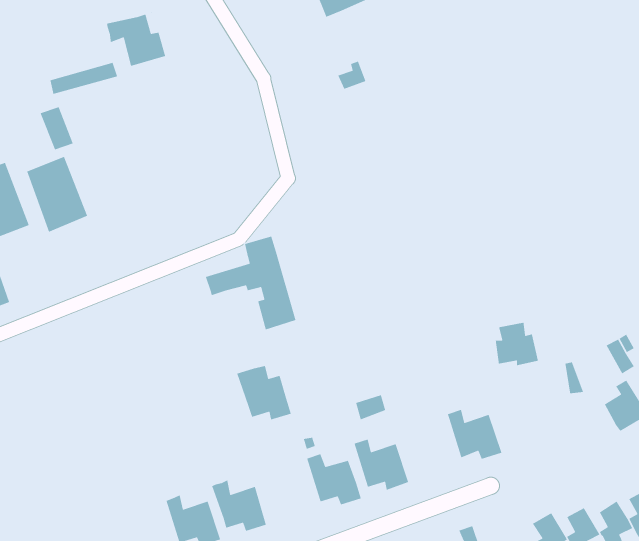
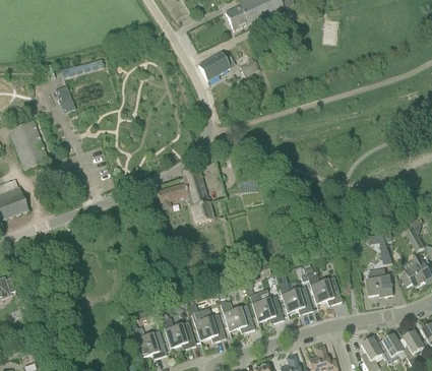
building: [106,11,166,67] -> none
building: none -> [198,51,230,79]
building: [26,156,88,233] -> none
building: [495,322,539,366] -> [366,268,393,296]
building: [236,365,292,426] -> [190,307,225,345]
building: none -> [277,282,312,317]

